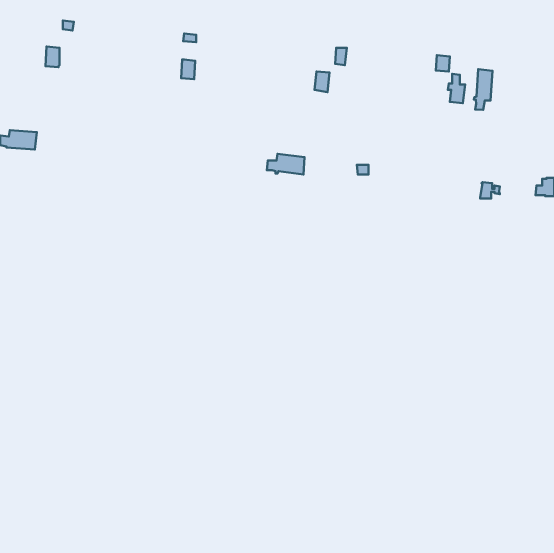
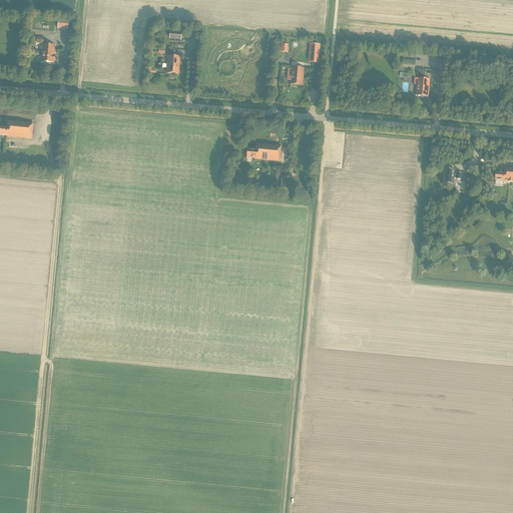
building: [474,69,493,110] -> none

